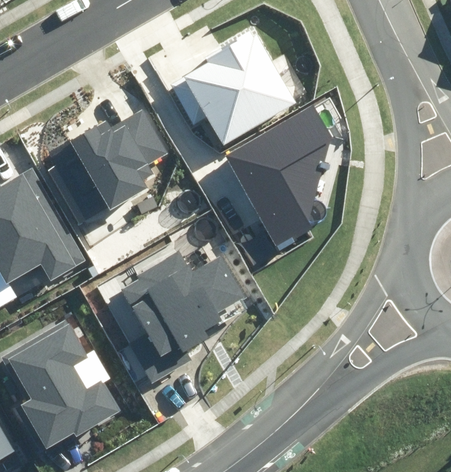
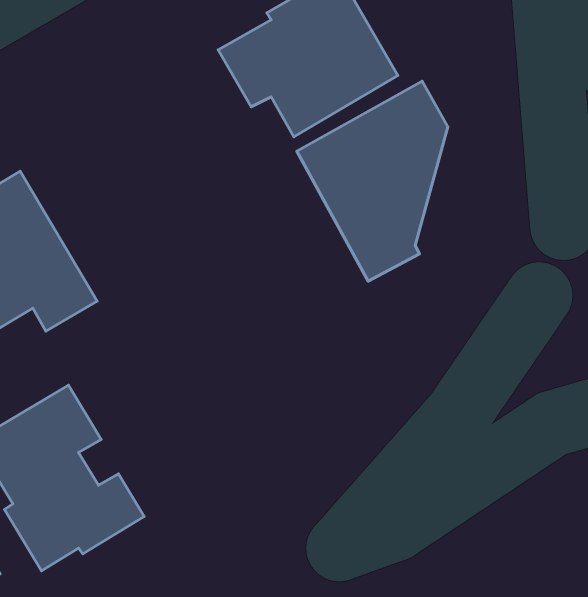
building: [47,109,168,220] -> none
building: [107,250,243,382] -> none

